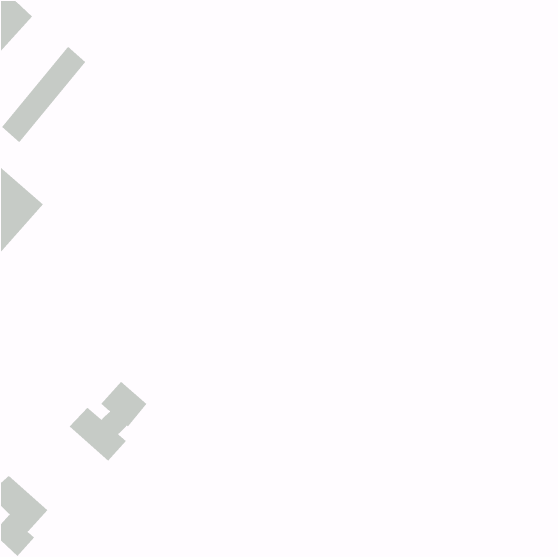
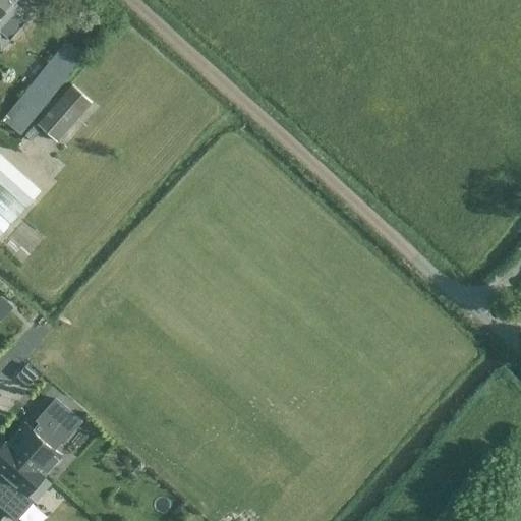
building: none -> [25,85,93,143]
building: [69,381,147,462] -> [8,401,81,476]

